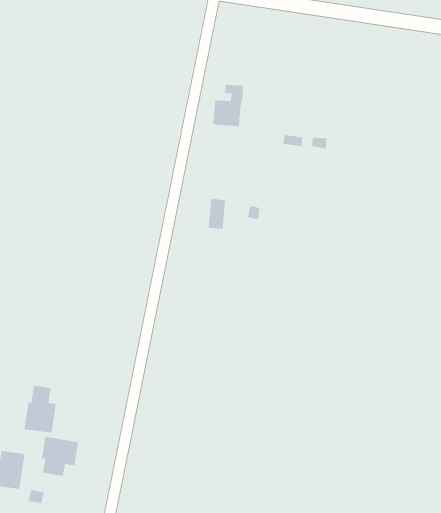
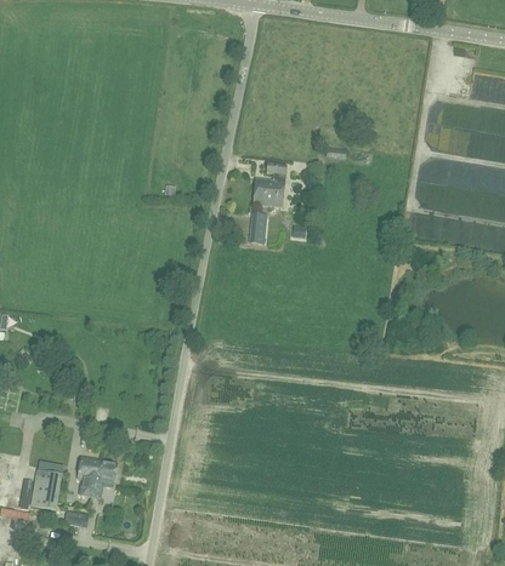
building: [212,84,244,127] -> [254,162,286,206]
building: [24,385,57,433] -> none

